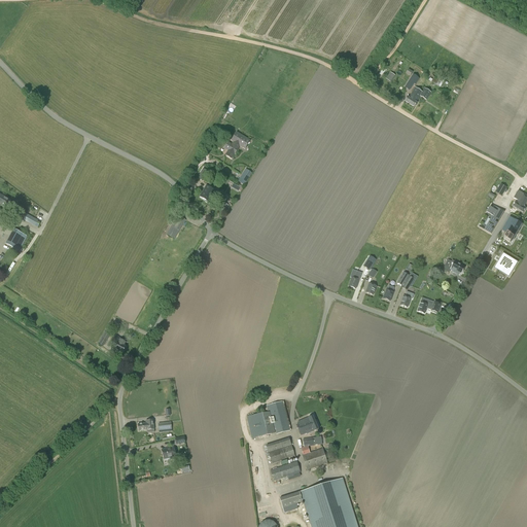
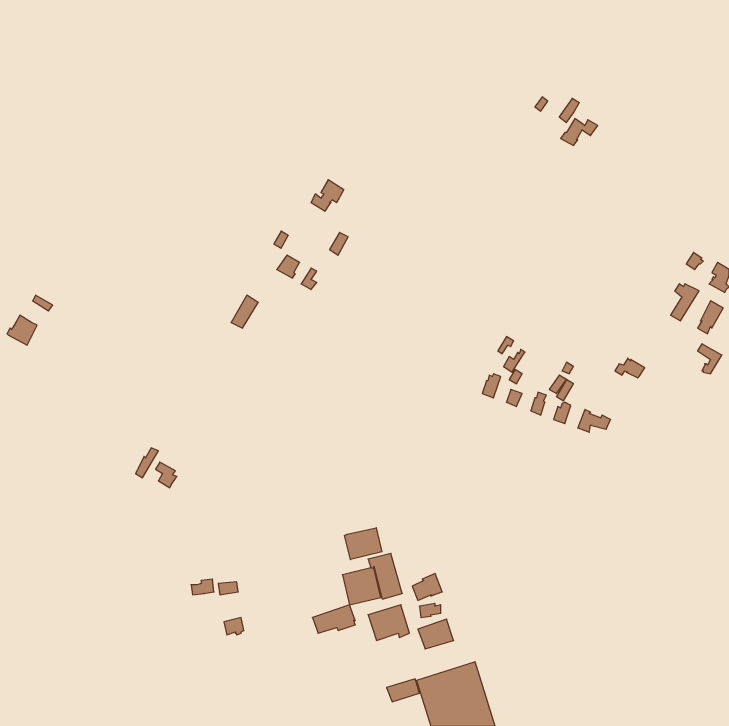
building: none -> [345,528,382,560]
building: [270,459,301,480] -> [312,605,355,633]

